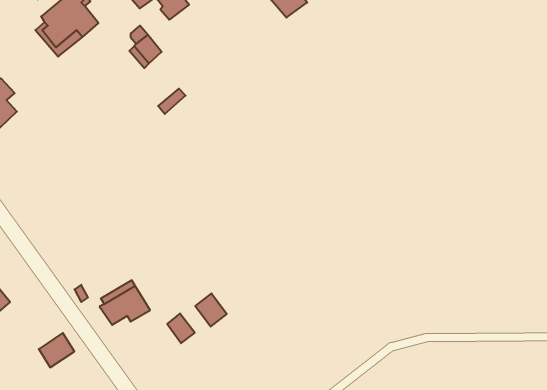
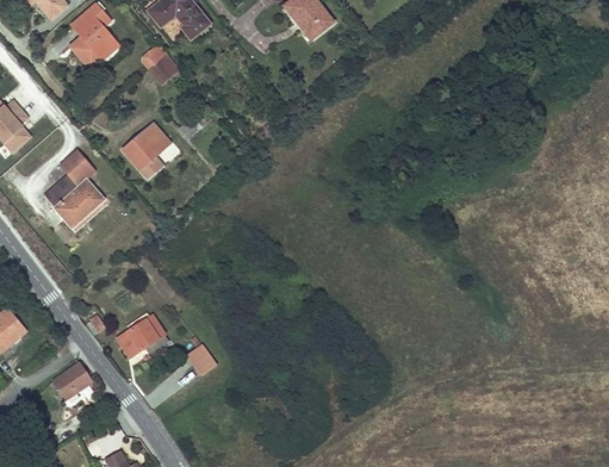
building: none -> [123,123,170,179]
building: none -> [45,150,104,226]
building: [195,293,227,327] -> none

